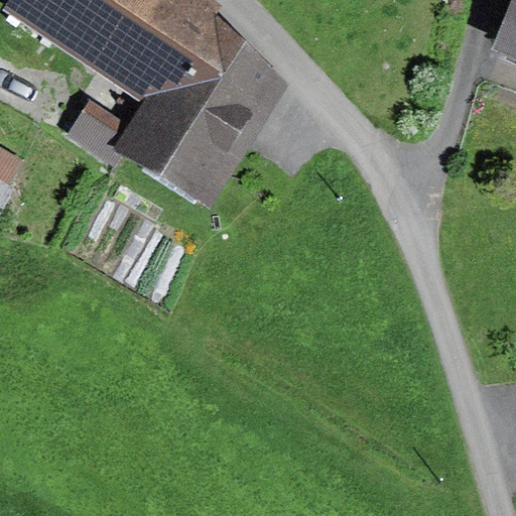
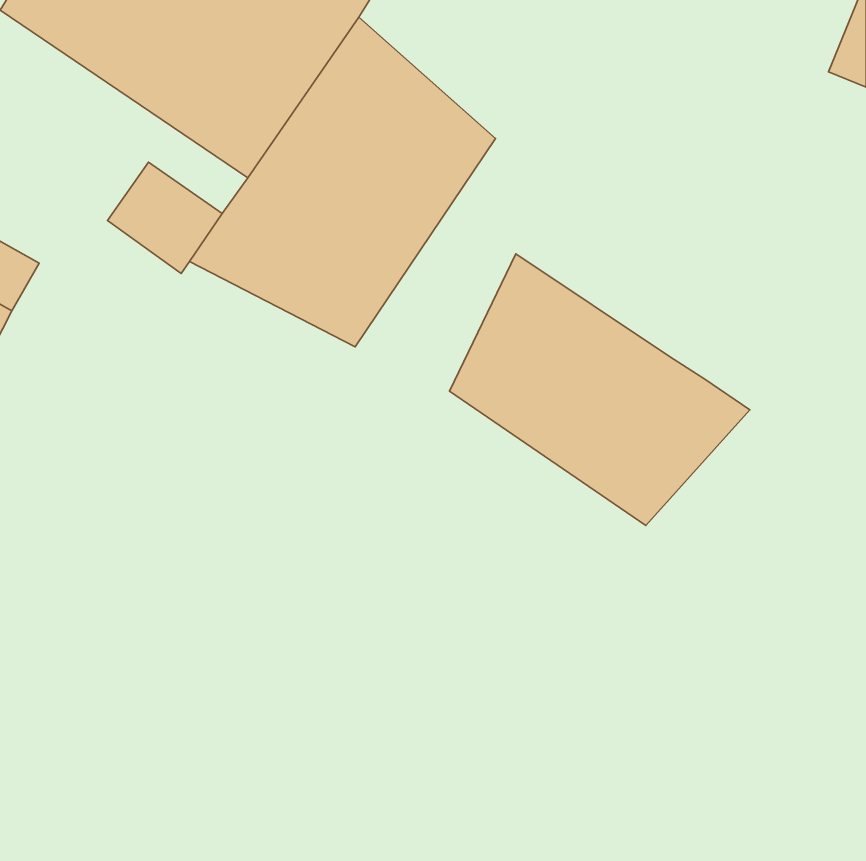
building: none -> [450,254,750,526]

